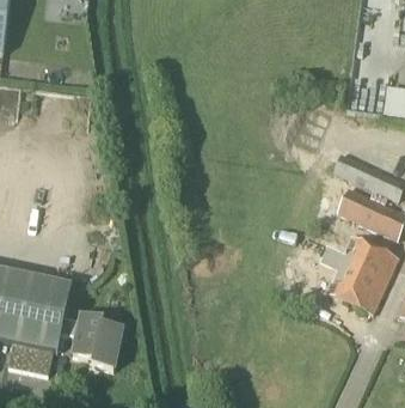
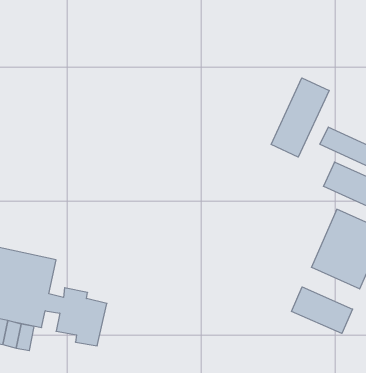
building: none -> [271,78,329,157]
building: none -> [291,287,353,333]

